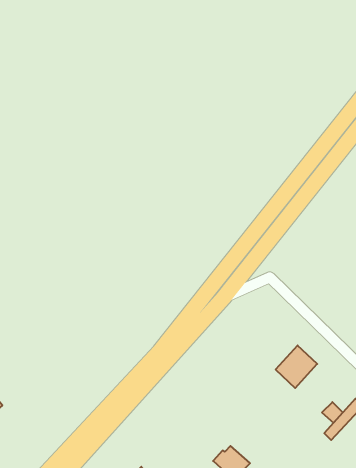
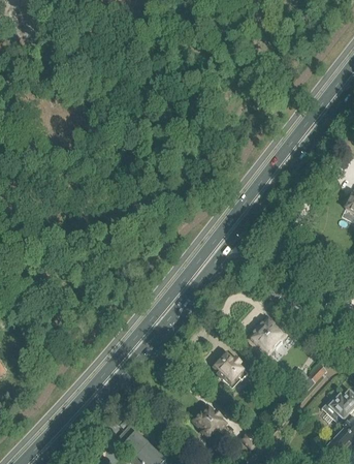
building: none -> [215,353,248,388]

